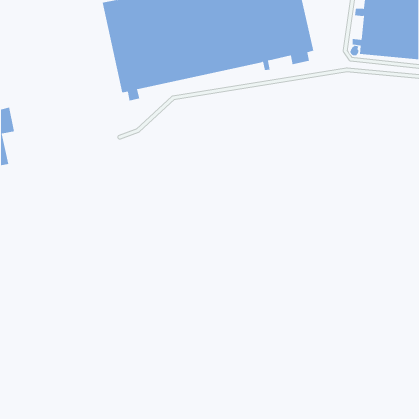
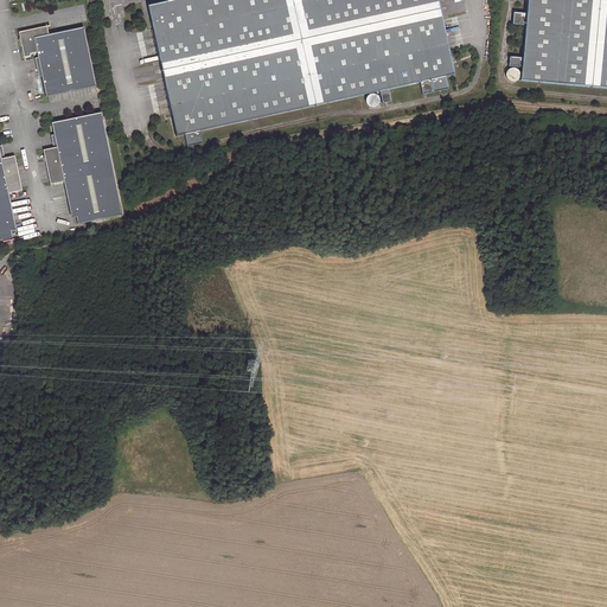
building: none -> [18,26,95,95]
building: none -> [43,111,122,223]

